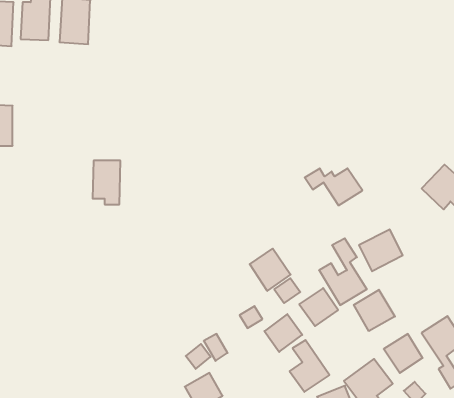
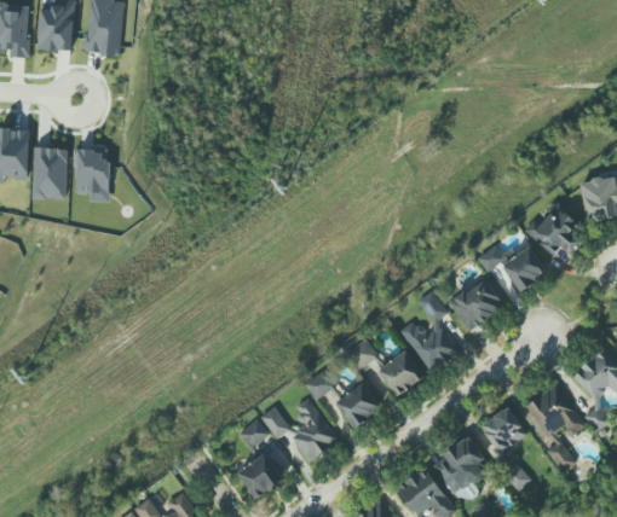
building: none -> [31,147,67,199]
building: [93,161,120,204] -> [75,149,109,202]
building: [305,168,362,205] -> [477,246,547,291]
building: [250,249,291,291] -> none
building: [354,290,395,331] -> none
building: [290,340,329,392] -> [289,399,338,461]

